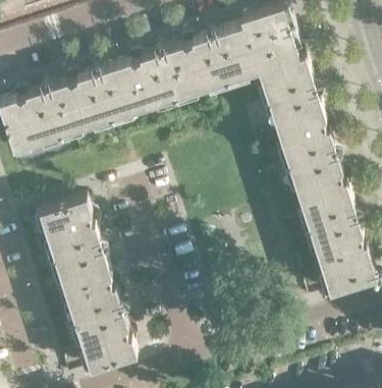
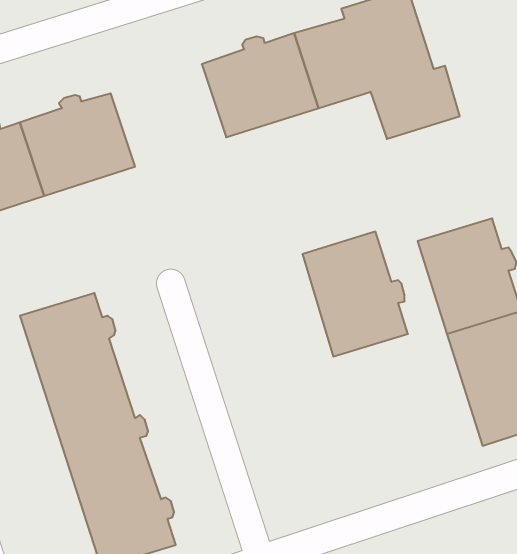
building: [95,55,167,120] -> none
building: [268,89,334,167] -> [302,232,408,357]

